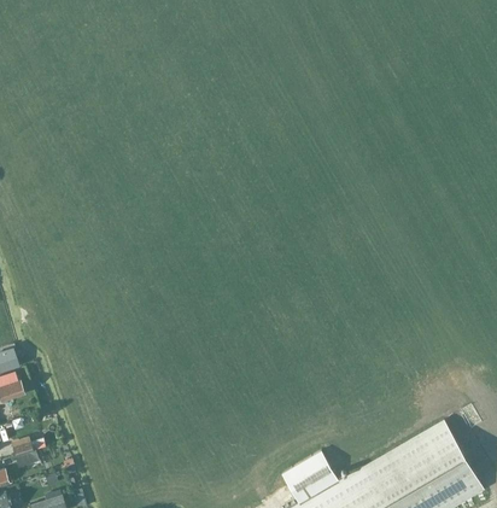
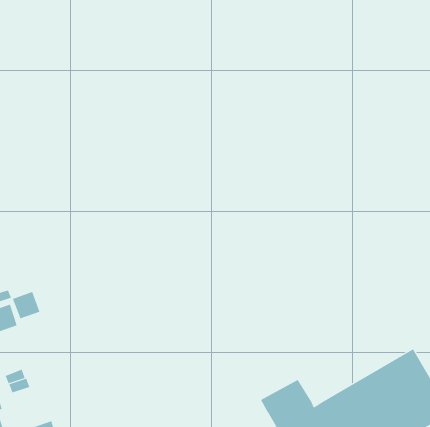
building: none -> [12,291,40,319]

